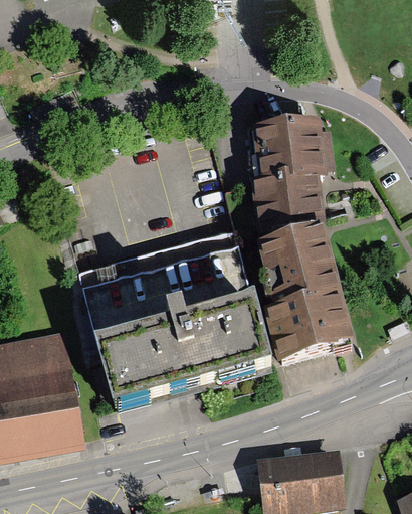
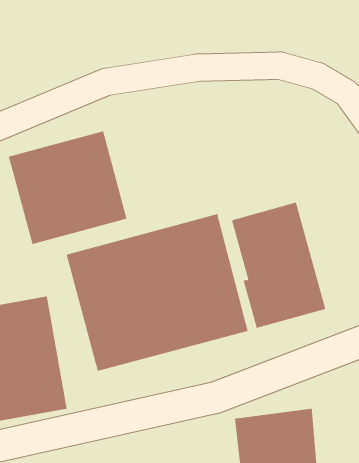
building: [251,121,337,236] -> none
building: none -> [8,131,127,245]

